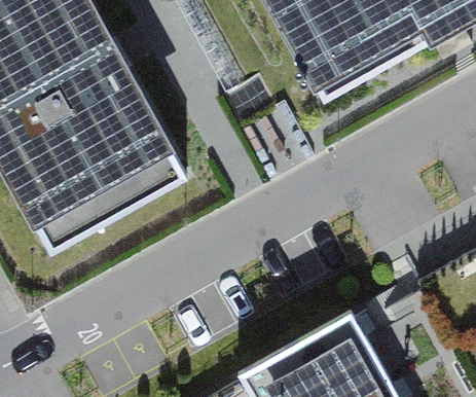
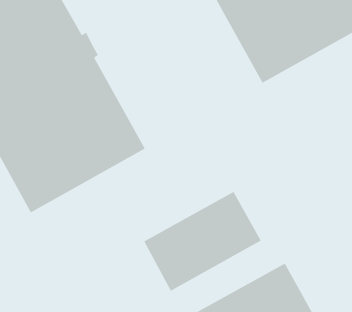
building: none -> [143,191,262,292]

